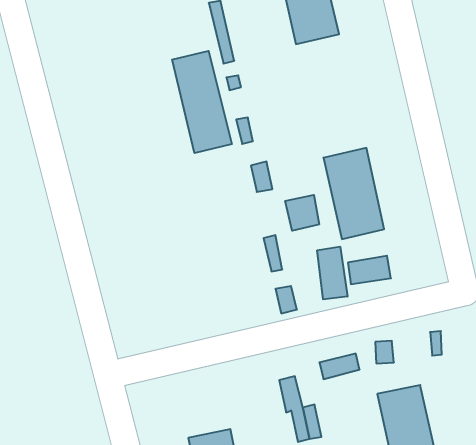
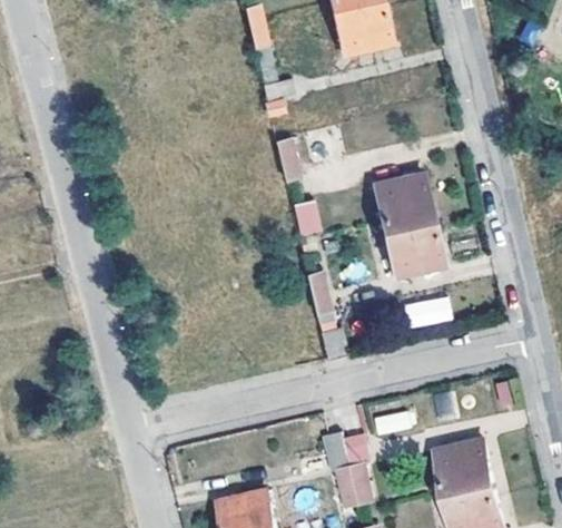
building: [172,51,232,153] -> none
building: [285,195,319,231] -> none
building: [317,247,347,299] -> none

